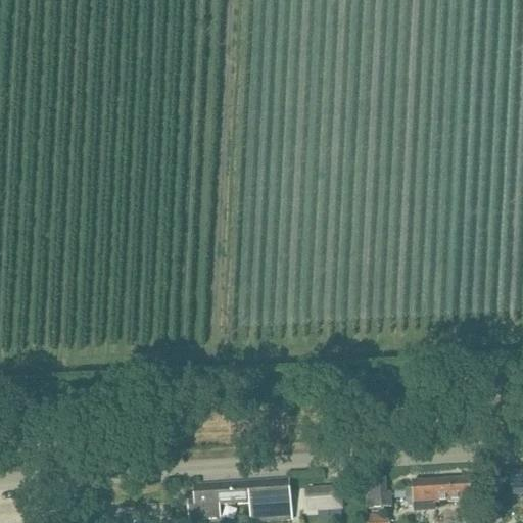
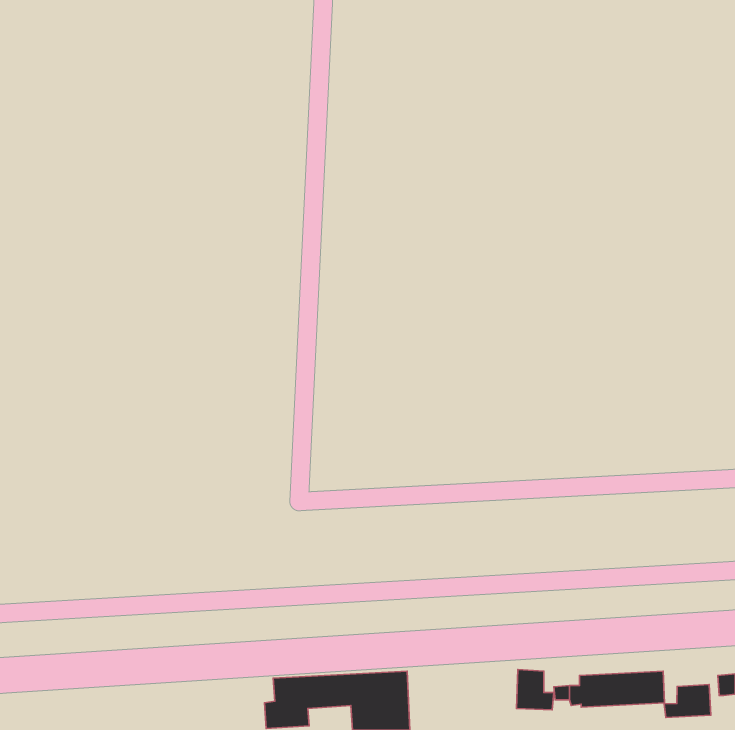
building: none -> [664,684,711,717]
building: [305,487,340,510] -> none

